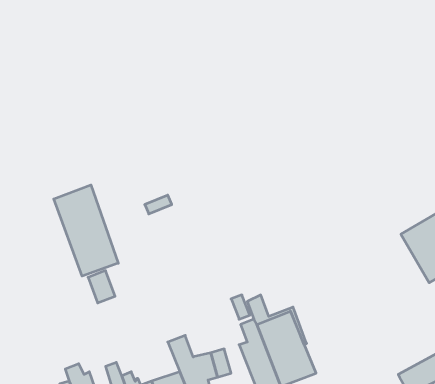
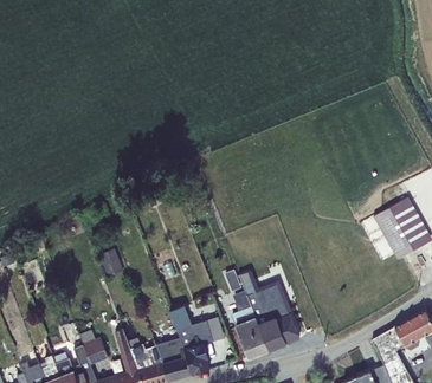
building: [54,185,118,276] -> none

